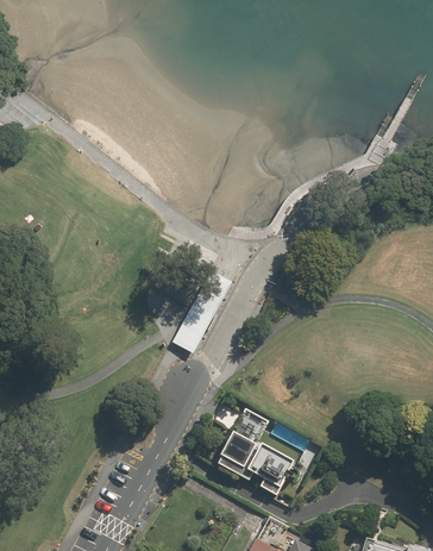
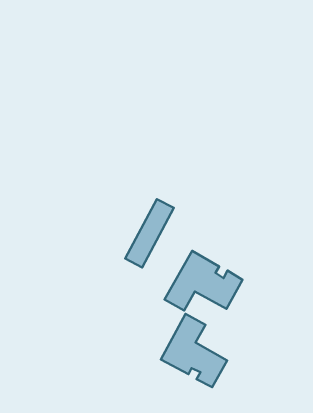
building: none -> [165,251,243,311]

